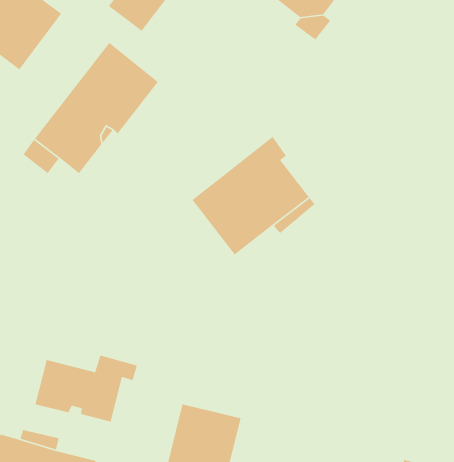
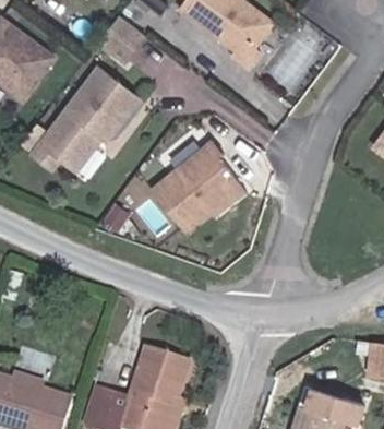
building: [34,354,138,423] -> none

